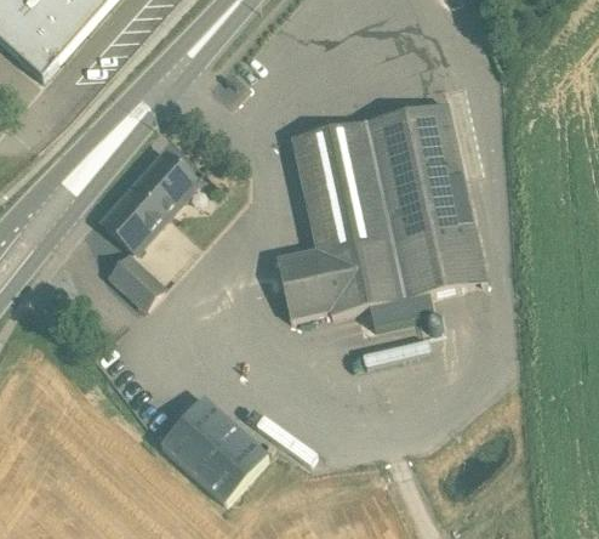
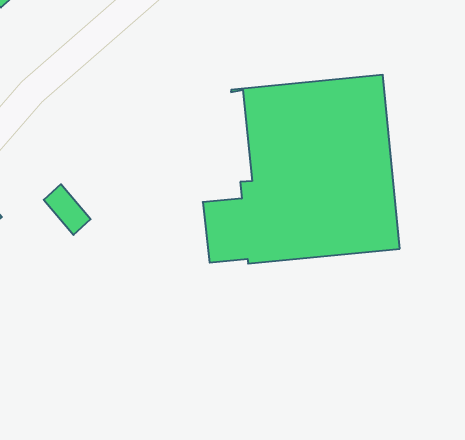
building: [101,151,196,250] -> none
building: [160,395,268,500] -> none

